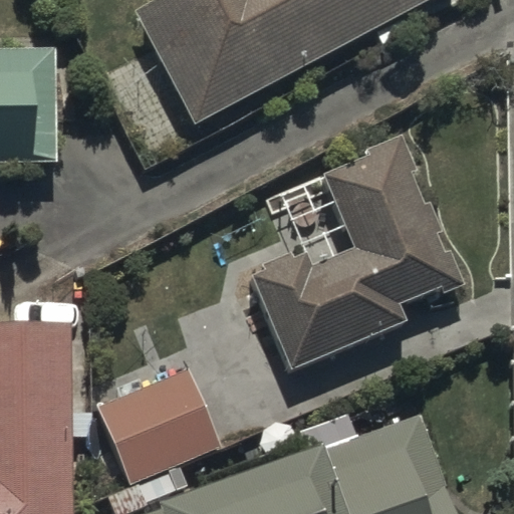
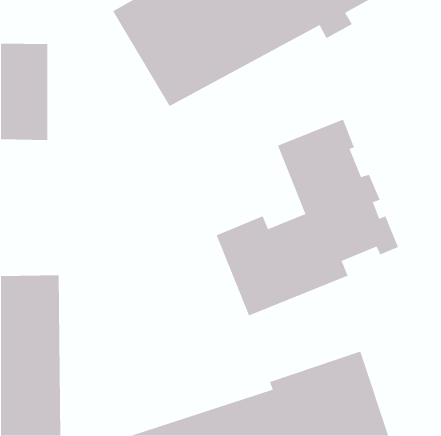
building: [94,365,222,485] -> none

